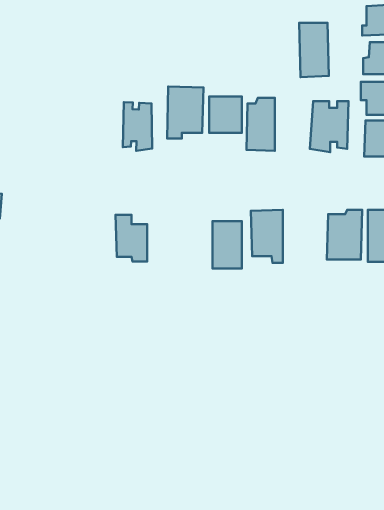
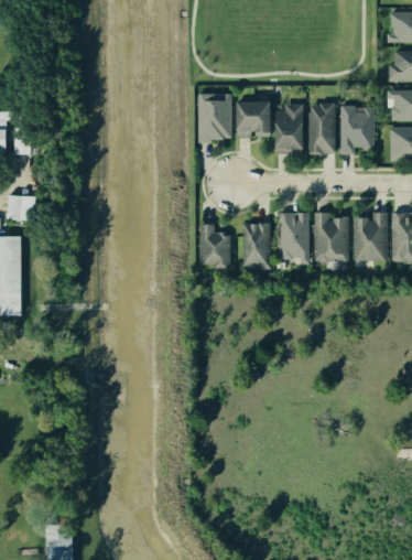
building: [299,23,329,77] -> [307,101,336,154]
building: [123,102,152,151] -> none
building: none -> [315,213,347,261]
building: [116,215,147,261] -> [198,224,229,269]

